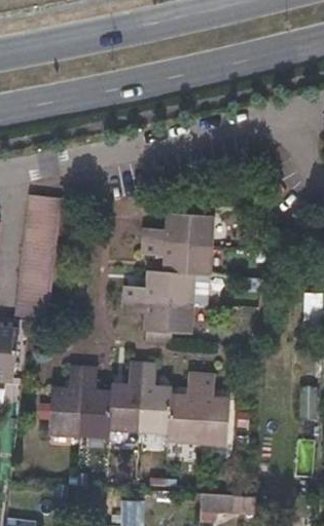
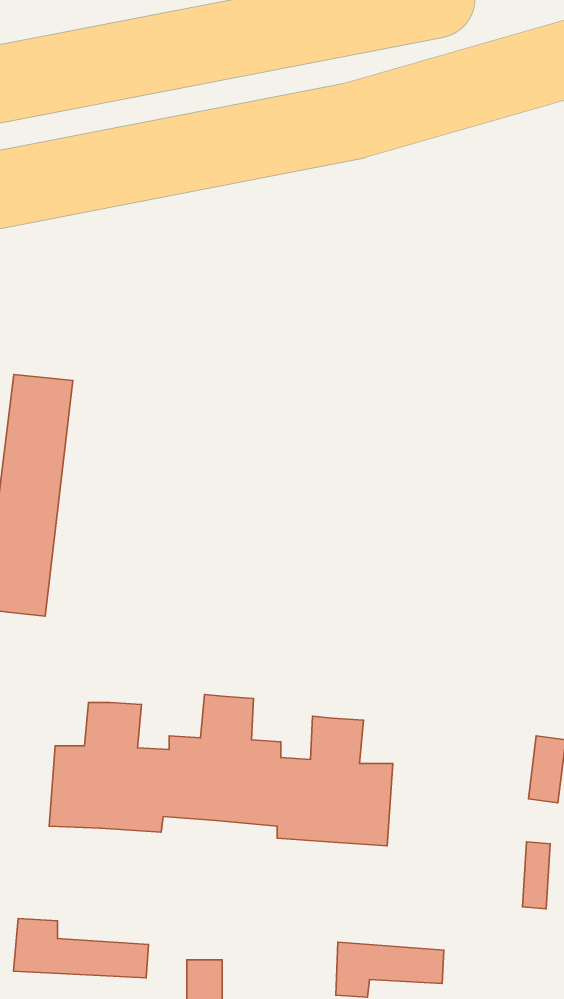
building: [127,214,212,334] -> none
building: none -> [13,919,148,978]

